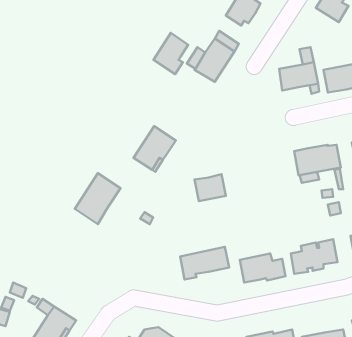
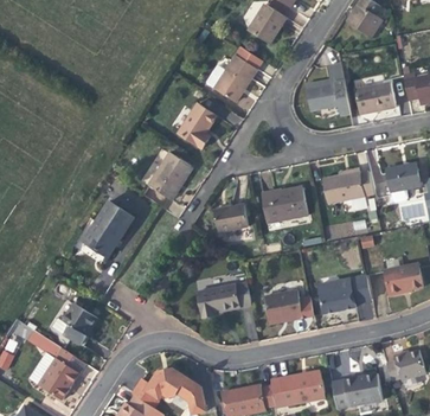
building: [153,33,188,74] -> [178,103,216,148]
building: none -> [261,186,308,219]
building: none -> [60,301,97,344]

